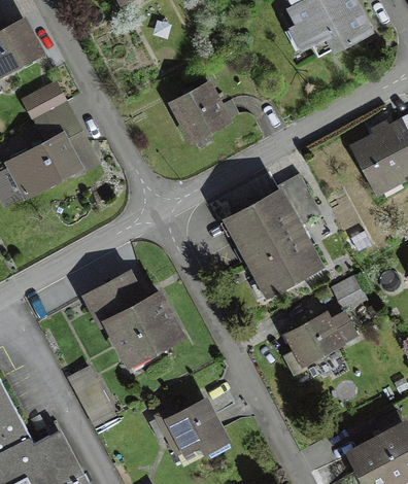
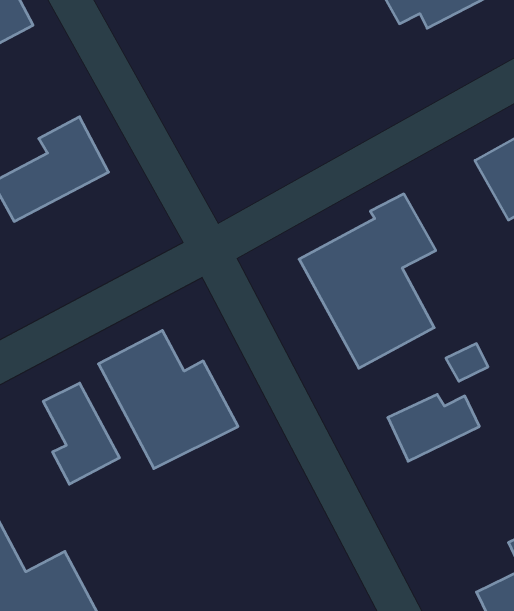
building: [174,85,228,141] -> none
building: [26,88,67,125] -> none
building: none -> [43,383,119,484]
building: [157,401,230,455] -> none

